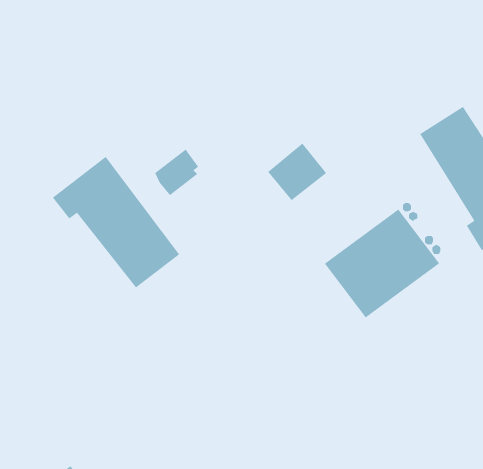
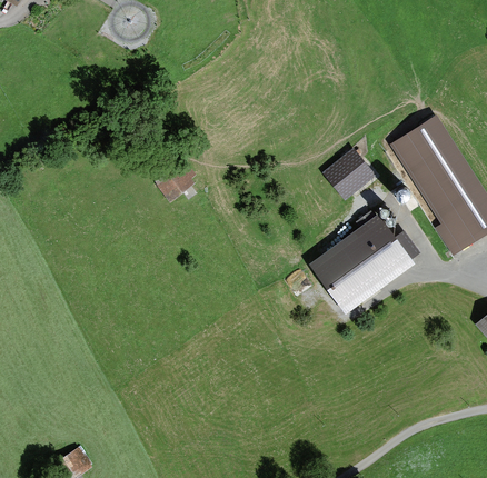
building: [267,143,327,201] -> [321,147,376,200]
building: [52,156,180,288] -> none

